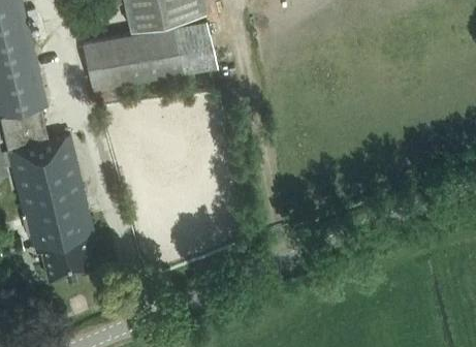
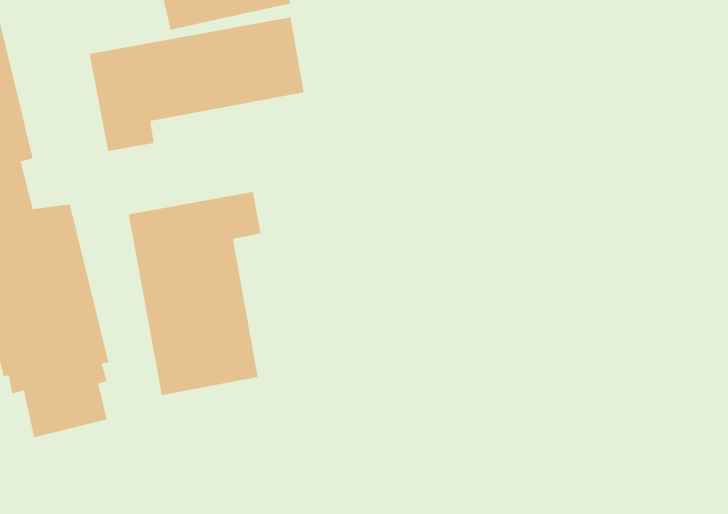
building: none -> [128,191,261,396]

